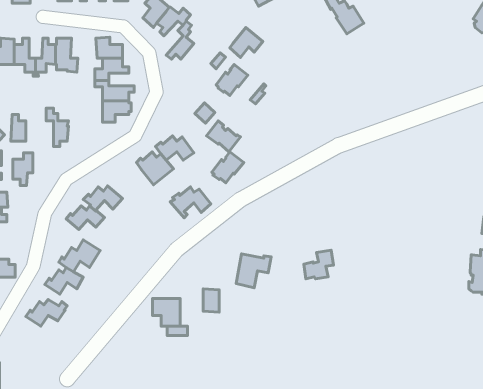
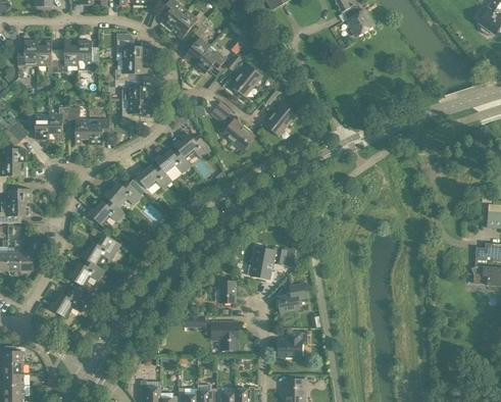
building: [230,28,263,57] -> [194,45,226,73]
building: none -> [88,119,108,144]
building: [212,152,244,183] -> [264,104,295,134]
building: [13,153,33,186] -> [48,107,67,139]
building: [170,187,211,218] -> [132,164,170,194]
building: [304,250,333,279] -> [275,284,304,311]
building: [153,298,180,326] -> [210,322,237,349]
building: none -> [278,333,306,356]

